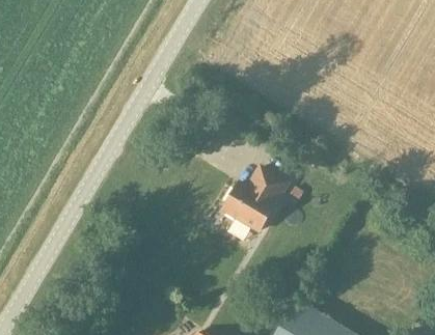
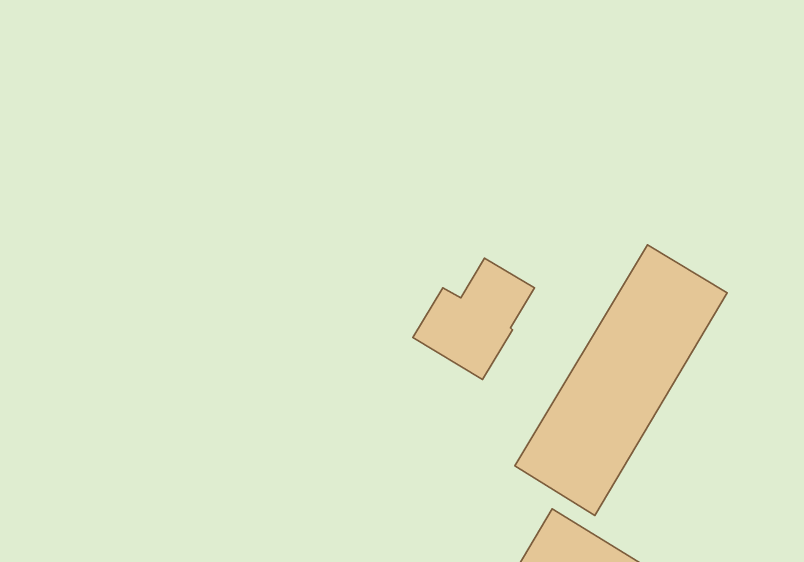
building: none -> [515,245,727,516]

